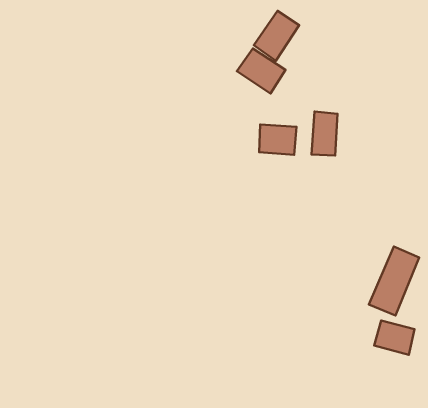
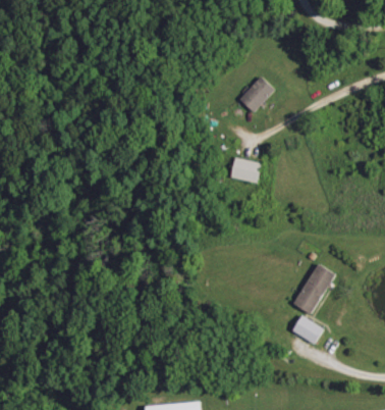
building: [237,48,286,94] -> none
building: [312,111,337,155] -> none

